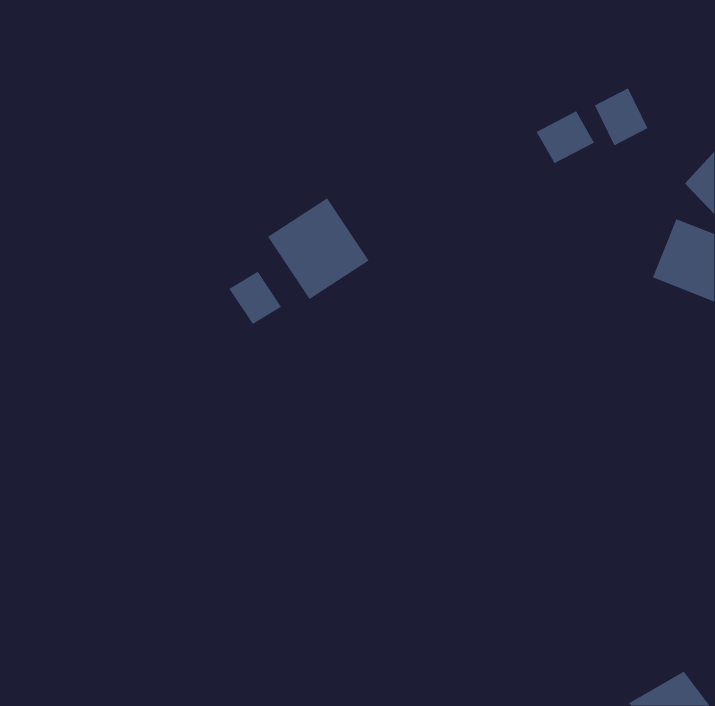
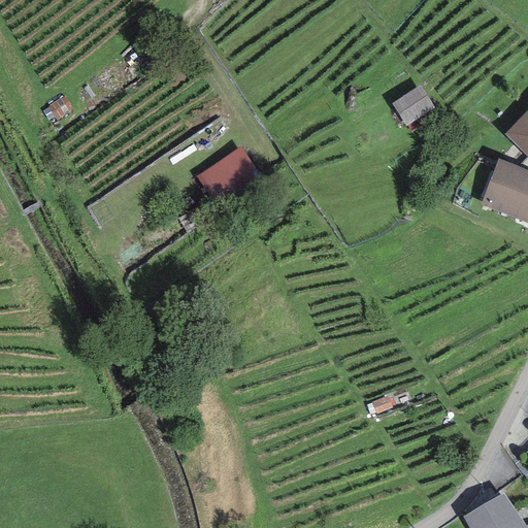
building: [594,87,648,146] -> none
building: [229,271,282,325] -> none

